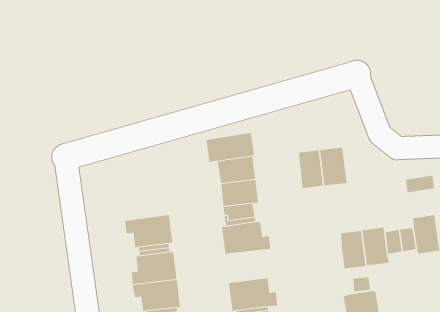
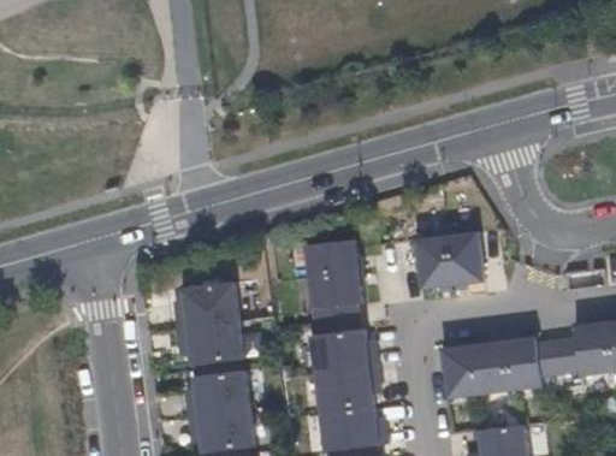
building: [206,132,255,162] -> none
building: none -> [173,283,238,328]
building: none -> [442,345,478,399]
building: none -> [314,367,380,414]

